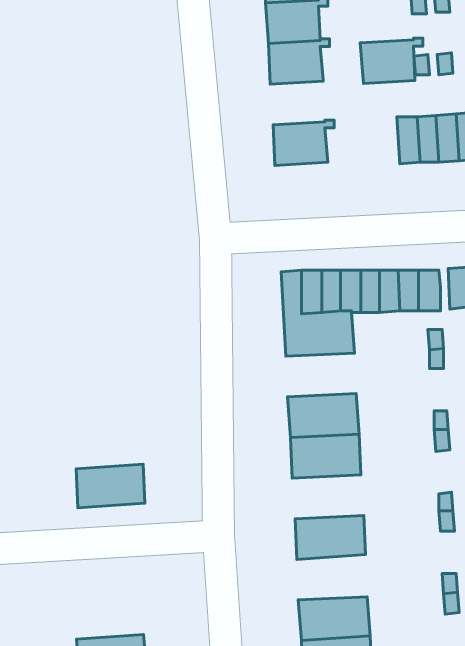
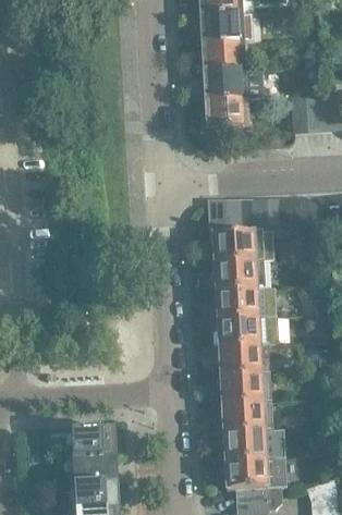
building: [360,38,423,84] -> [203,68,246,99]
building: none -> [213,258,262,289]
building: [76,464,145,508] -> [66,427,114,457]
building: none -> [218,343,268,373]
building: none -> [221,398,270,430]

